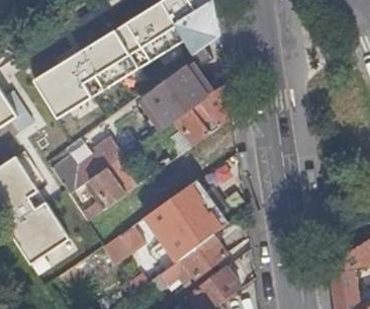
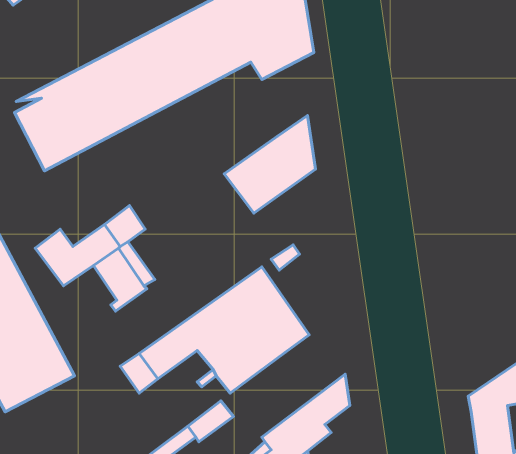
building: [143,68,204,127] -> none
building: [174,235,224,278] -> none

